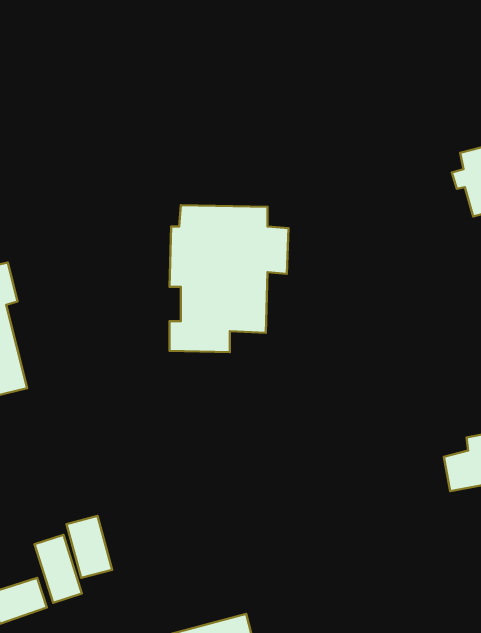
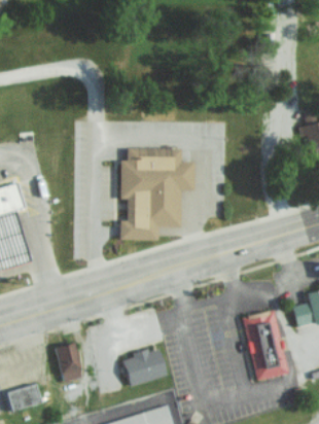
building: none -> [242,311,287,382]
building: none -> [122,349,167,387]
building: [35,535,82,603] -> none

